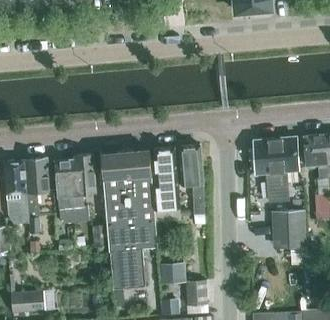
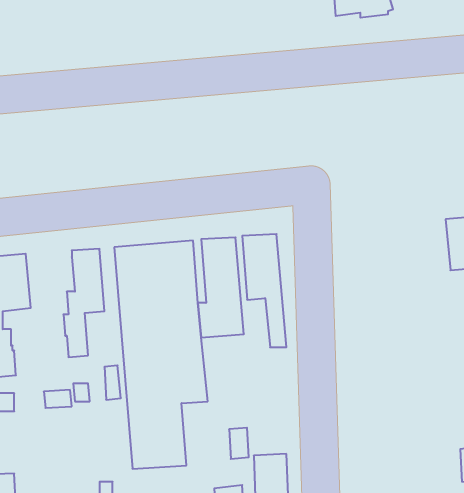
building: [253,137,298,202] -> none
building: [54,160,76,222] -> none
building: [276,211,305,248] -> none

